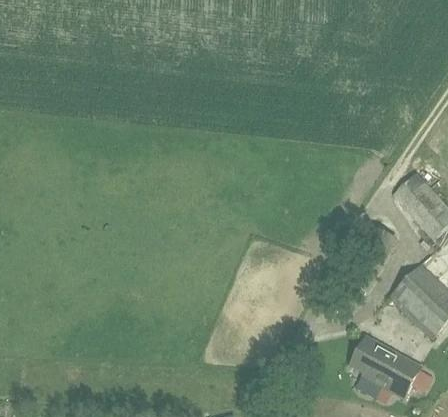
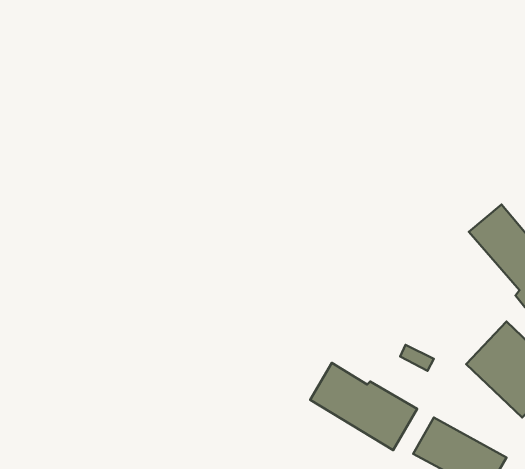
building: none -> [310,363,417,450]

